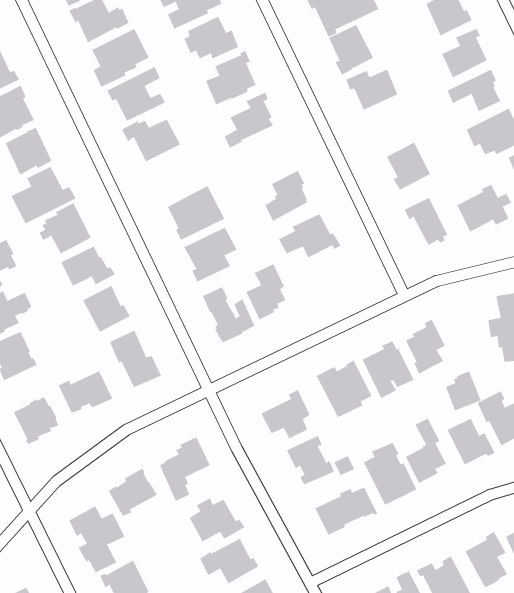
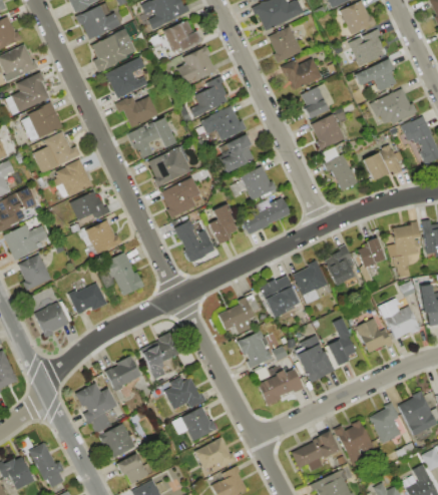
building: none -> [302,83,334,119]
building: none -> [201,104,246,141]
building: none -> [126,117,176,159]
building: none -> [242,197,291,234]
building: [445,371,482,411] -> [358,237,385,268]

